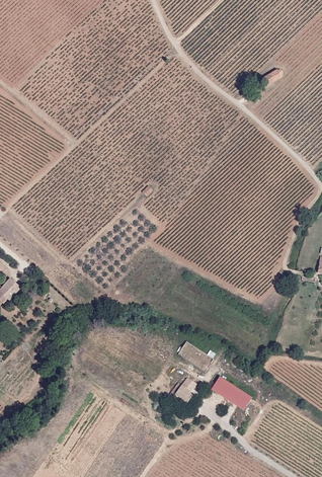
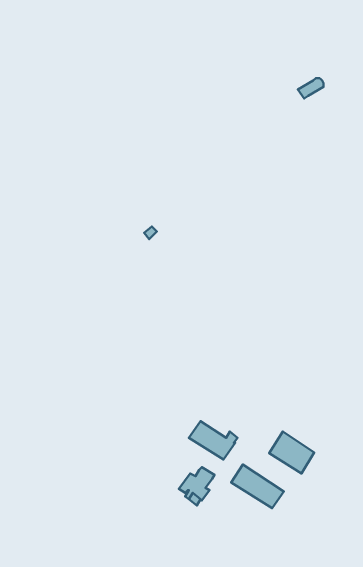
building: none -> [269,431,314,473]

